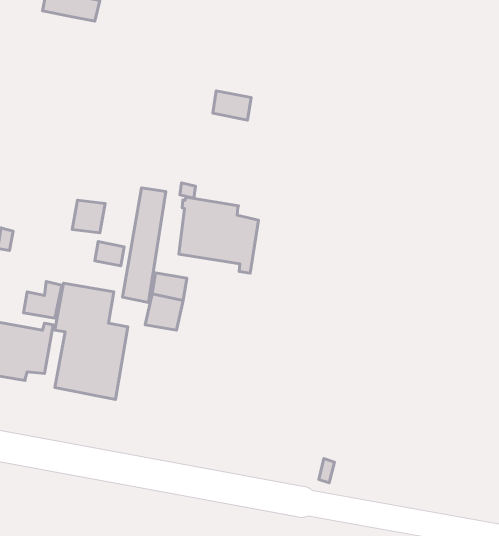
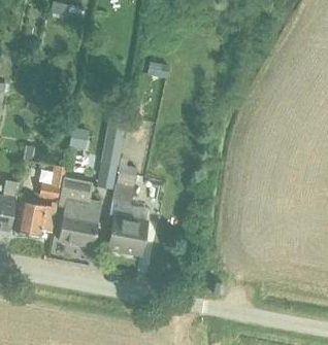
building: [179,197,258,273] -> none
building: none -> [107,214,147,254]

